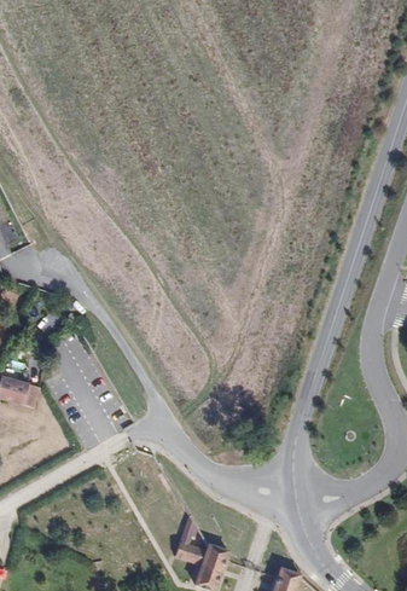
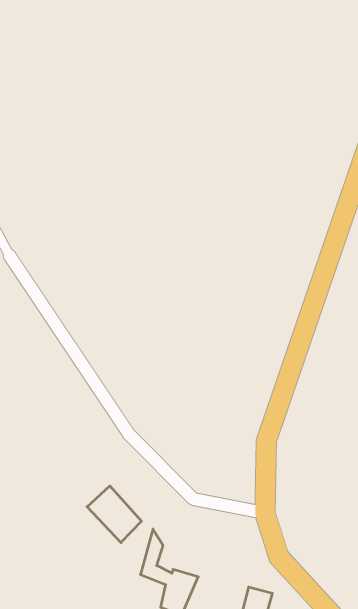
building: none -> [87,486,141,543]

